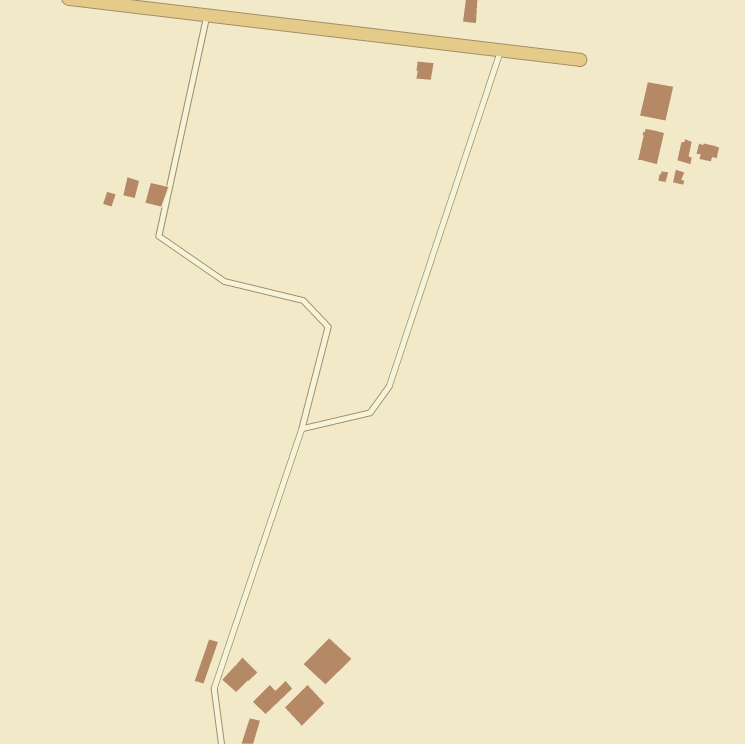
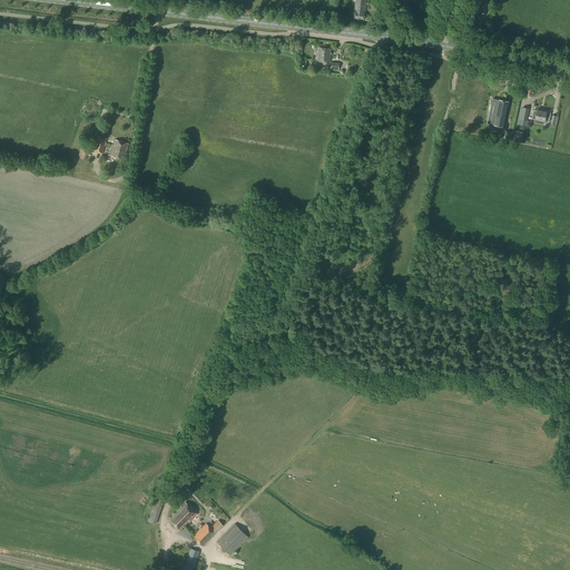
building: [639,81,674,121] -> none
building: [303,638,352,685] -> none

